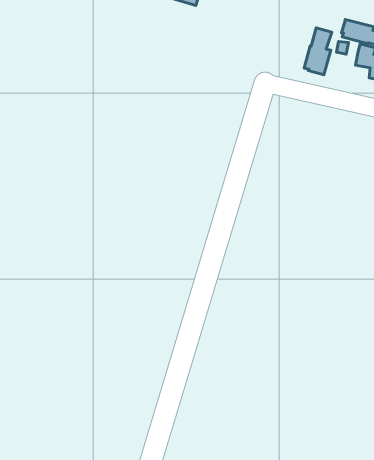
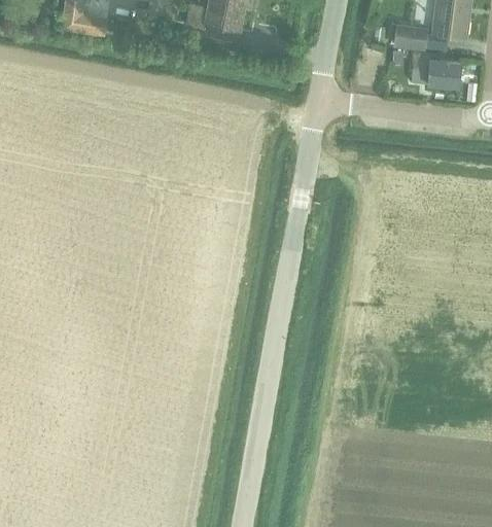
building: [304,28,332,75] -> none

